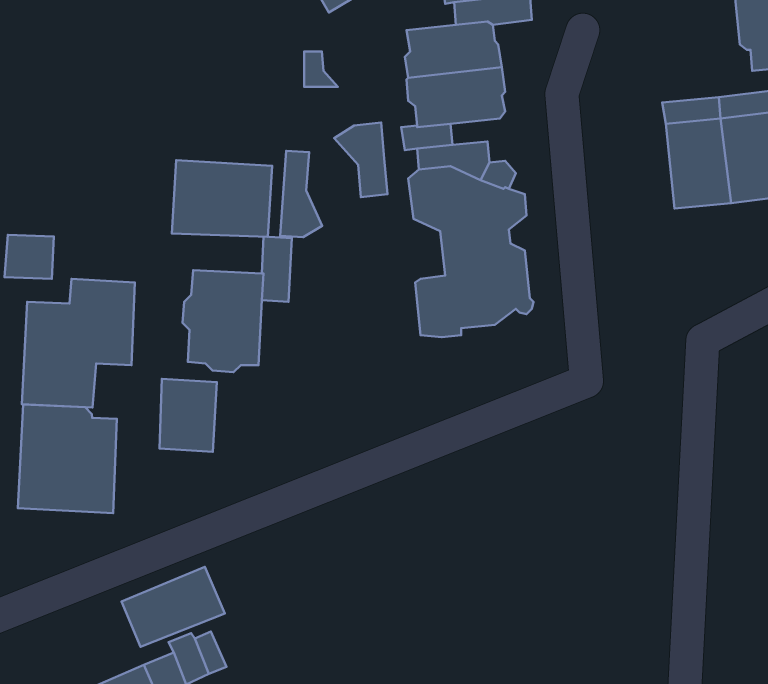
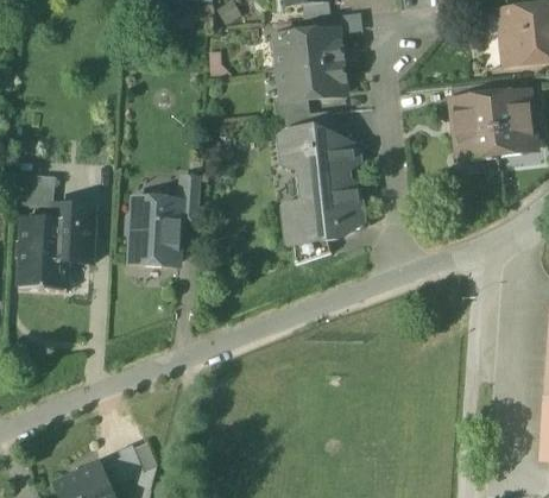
building: [334,123,388,197] -> none
building: [280,151,322,237] -> none
building: [172,160,272,237] -> none
building: [160,379,217,452] -> none
building: [18,404,117,513] -> none
building: [121,567,225,647] -> none

